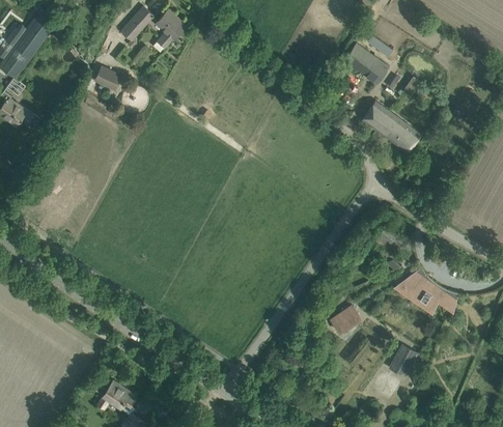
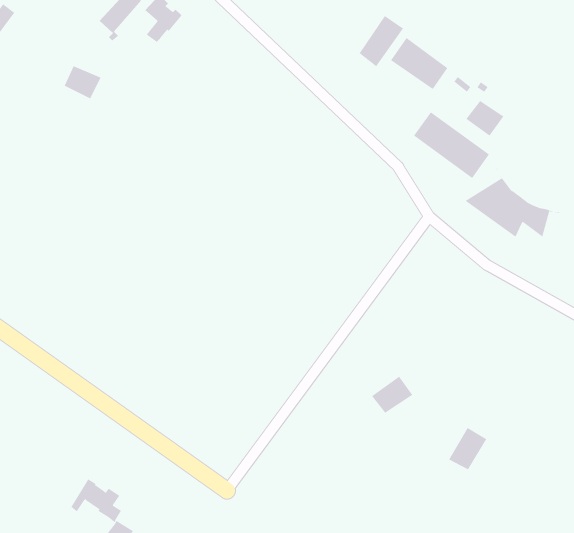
building: none -> [359,15,404,67]
building: none -> [466,100,504,136]
building: [392,260,466,314] -> [465,167,561,237]

